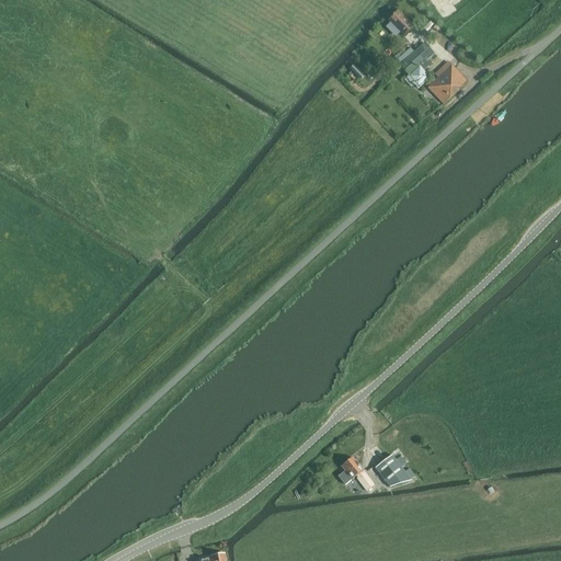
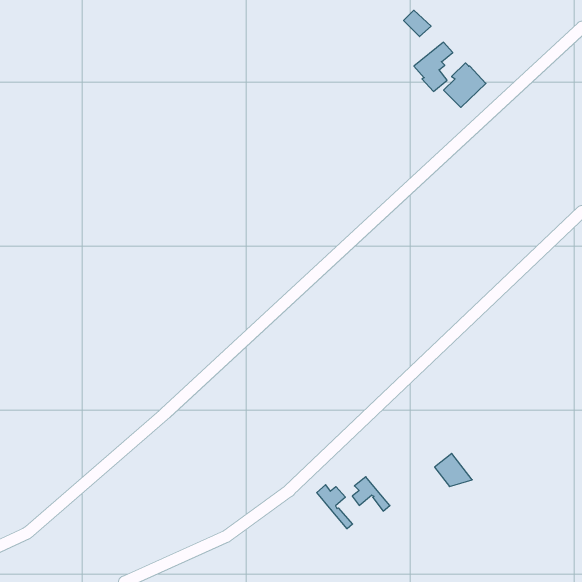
building: [374,454,410,485] -> [435,453,472,487]
building: none -> [317,485,353,529]

